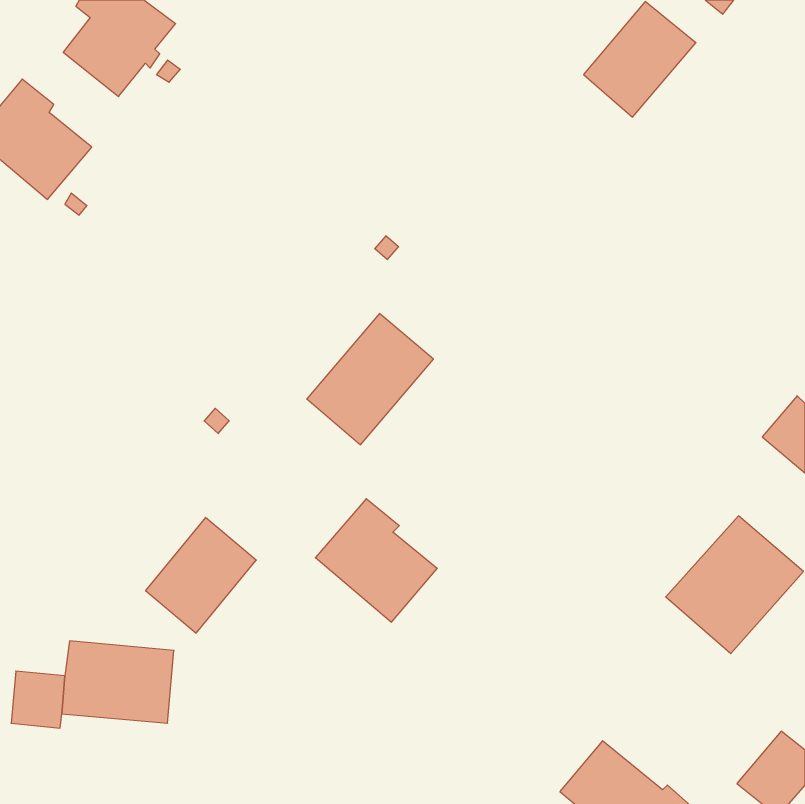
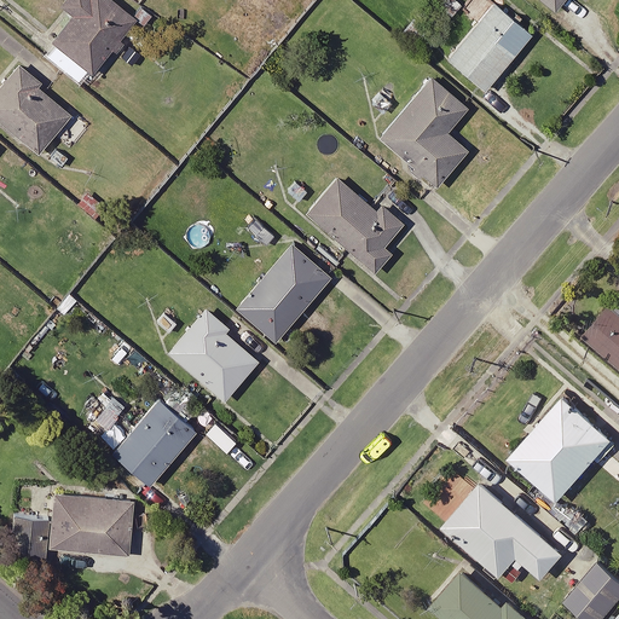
building: none -> [377,77,468,187]
building: none -> [303,178,403,274]
building: [315,499,437,622] -> [166,308,259,403]
building: none -> [442,482,566,580]

